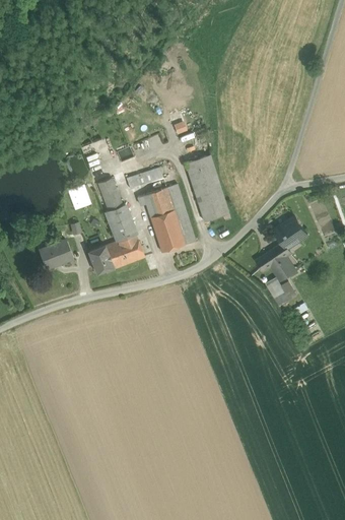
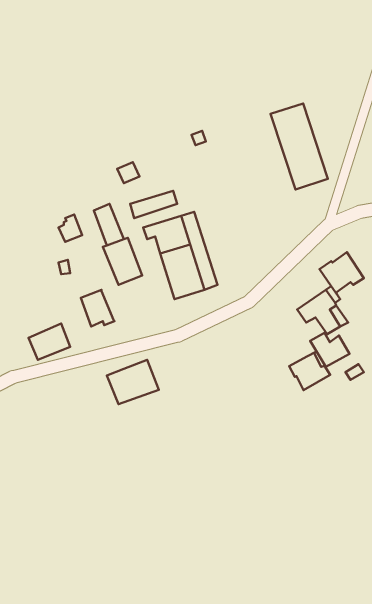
building: [185,155,229,222] -> [271,103,328,189]
building: [105,235,145,269] -> [107,360,159,404]
building: [40,240,72,268] -> [29,323,70,360]
building: none -> [289,352,330,390]

